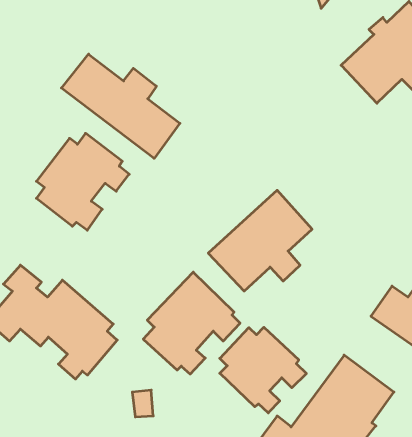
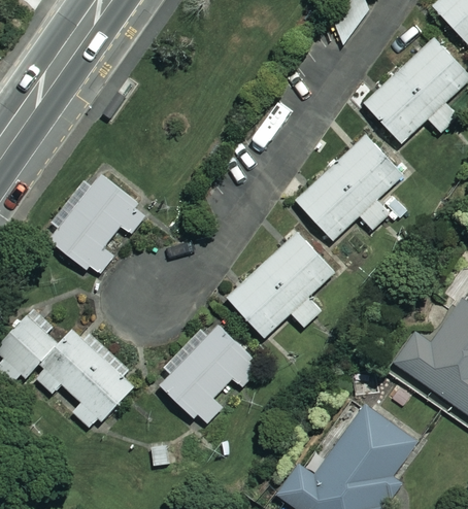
building: [61,54,180,158] -> none
building: none -> [295,131,405,239]
building: [220,327,306,413] -> none

